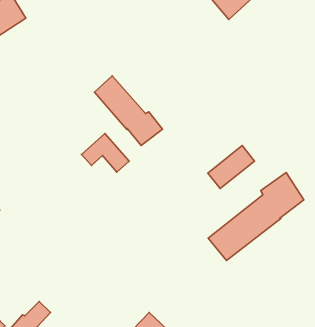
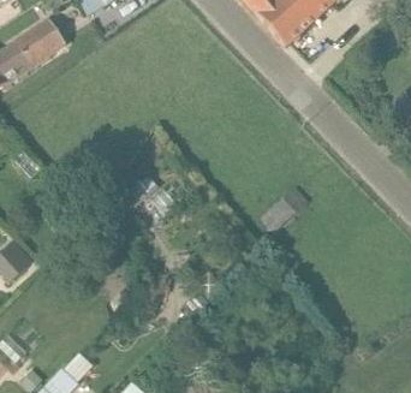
building: [94,76,162,145] -> none
building: [208,173,304,260] -> none

